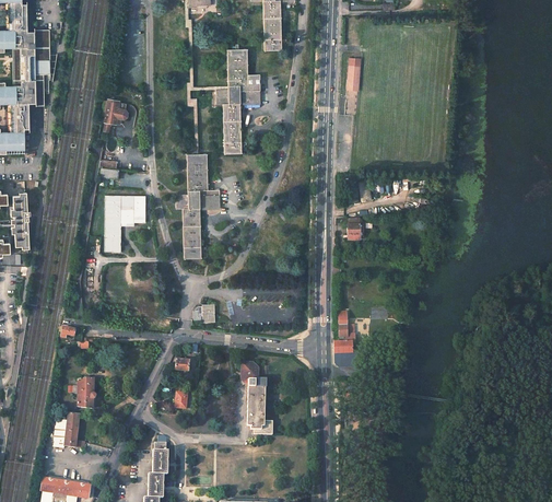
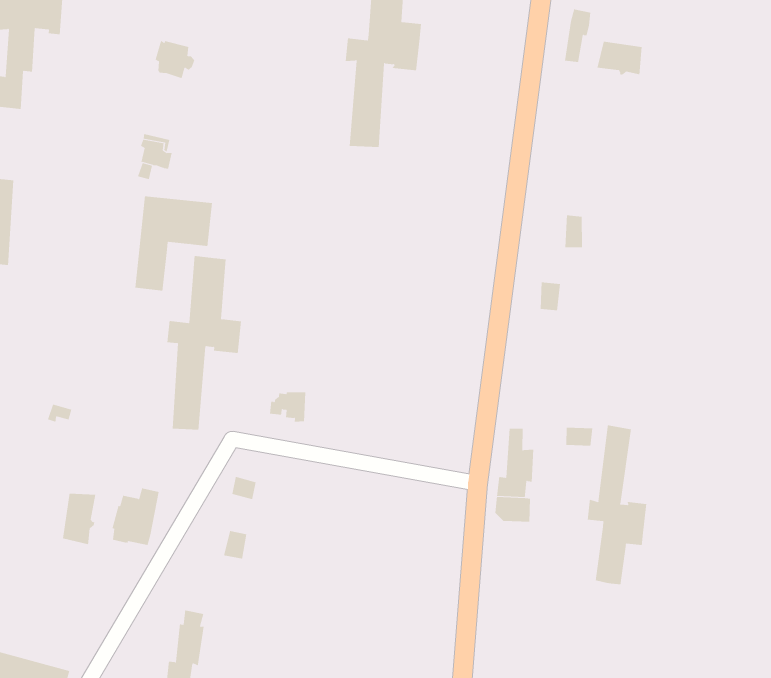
building: none -> [597,41,642,75]
building: [175,154,219,259] -> [166,256,242,430]
building: none -> [587,425,647,585]
building: [240,363,272,435] -> none
building: [52,413,79,447] -> [112,488,159,545]

